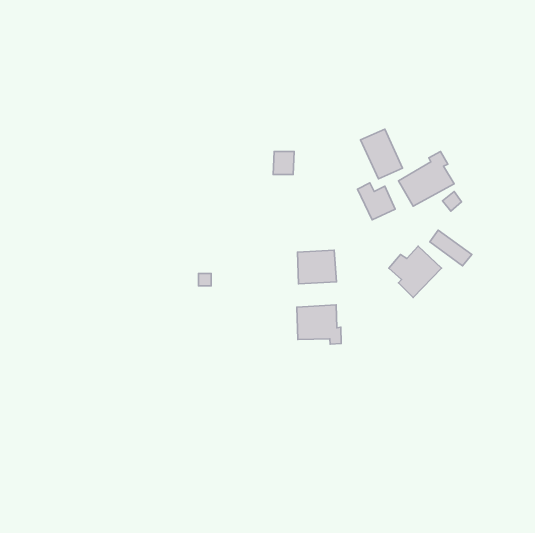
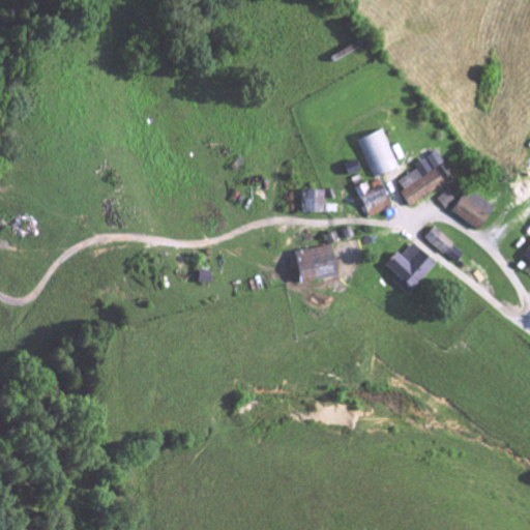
building: [273,151,294,175] -> [304,188,325,211]
building: none -> [455,186,495,229]
building: [297,305,341,344] -> none

